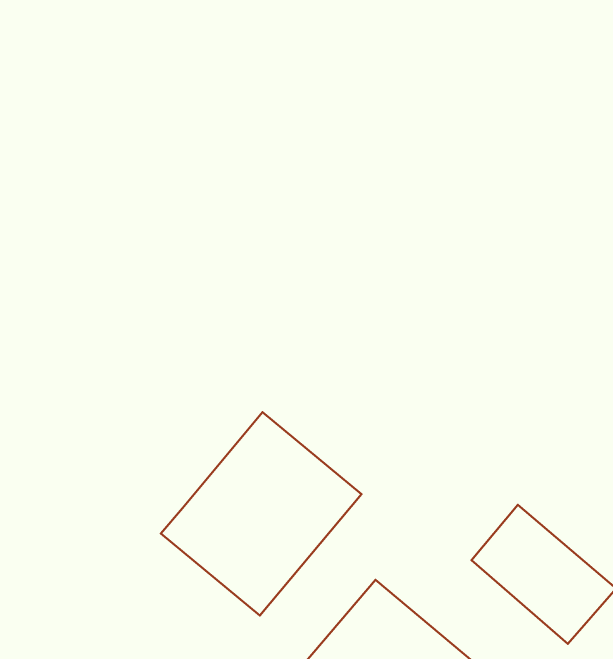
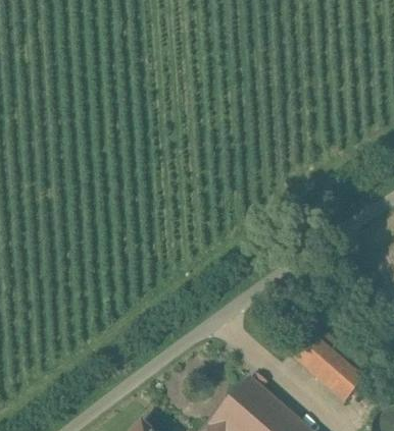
building: [161,412,362,615] -> none

